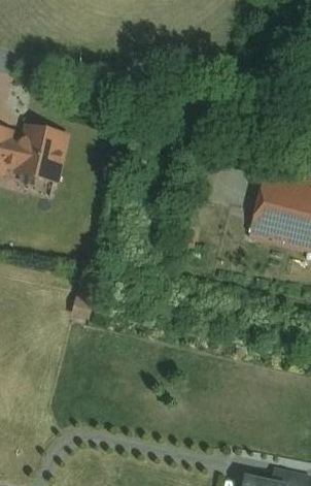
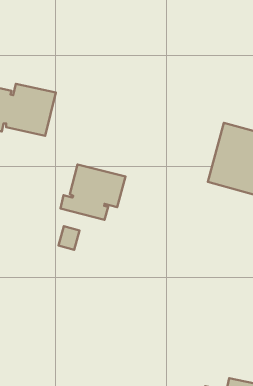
building: none -> [61,164,125,220]

